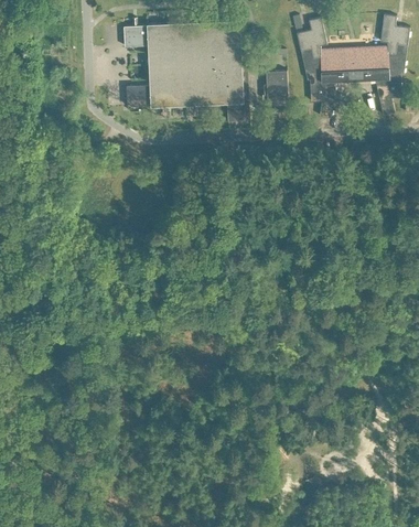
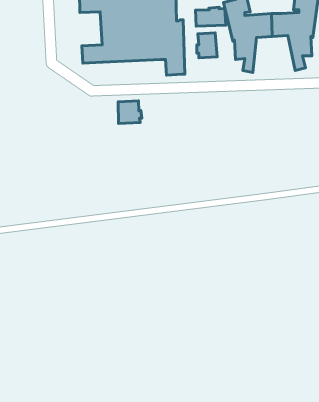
building: none -> [195,7,226,26]
building: none -> [118,101,142,123]

